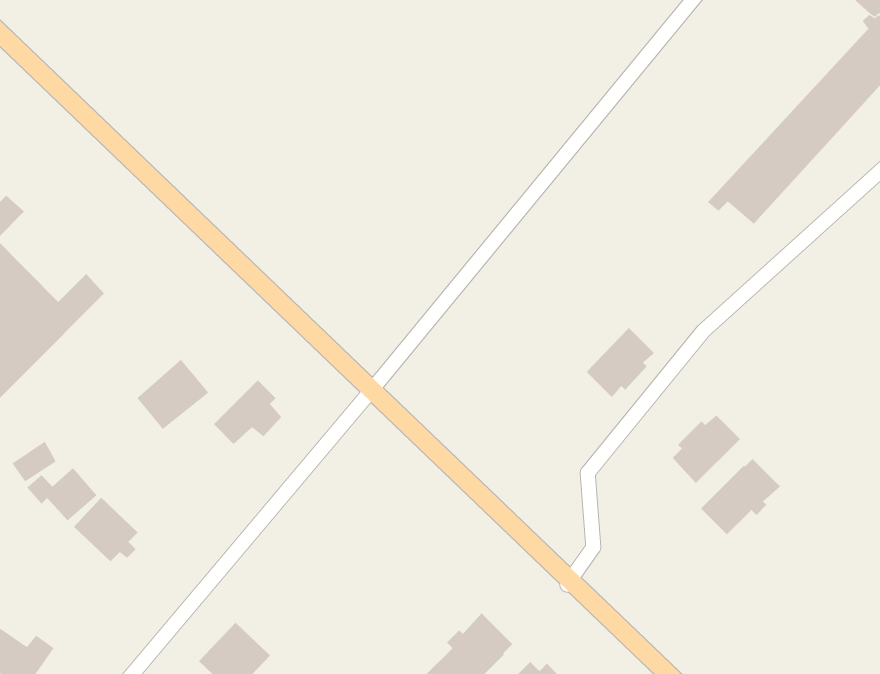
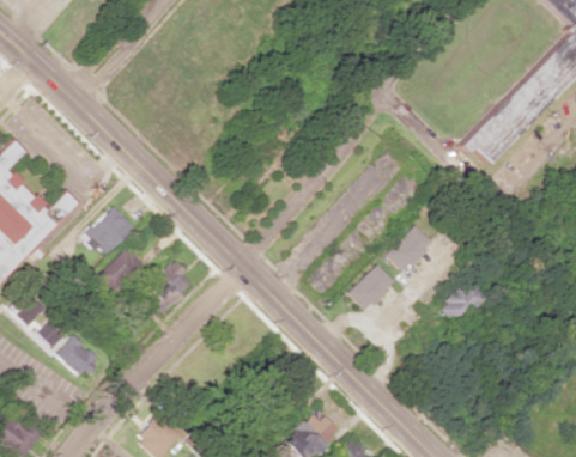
building: none -> [80,205,133,257]
building: none -> [346,266,392,311]
building: [700,458,781,535] -> none

